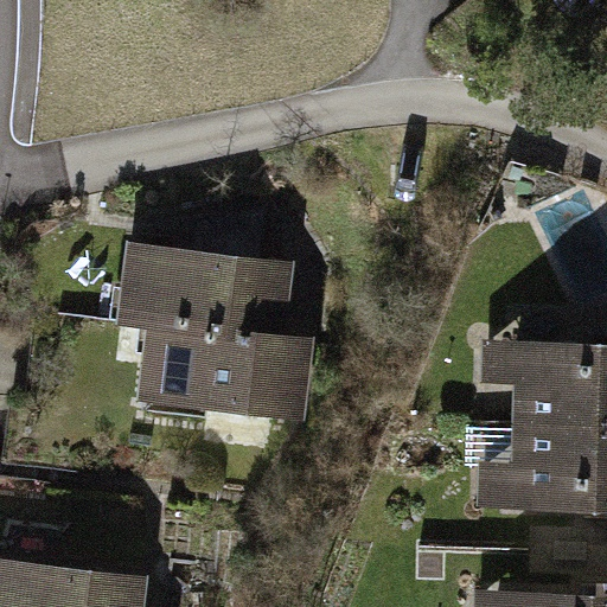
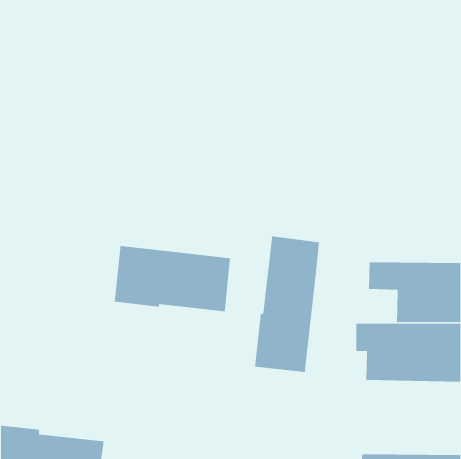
building: [127,209,285,338] -> none
building: none -> [254,236,320,373]

